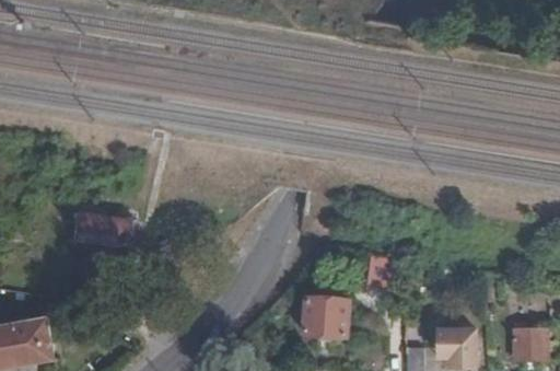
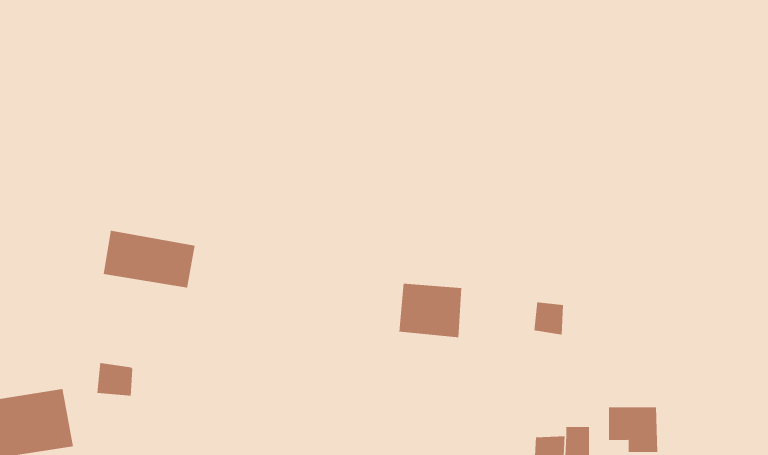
building: [304,297,350,336] -> [398,283,462,338]
building: [514,327,547,359] -> none

